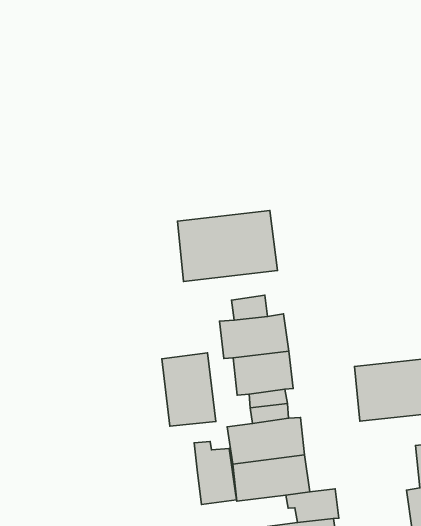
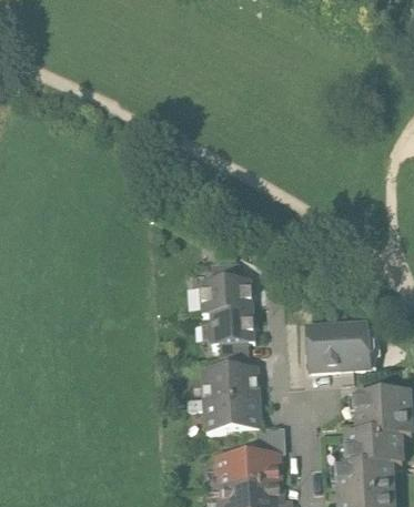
building: [177,211,278,281] -> none
building: [162,353,216,426] -> none
building: [194,442,237,504] -> none

